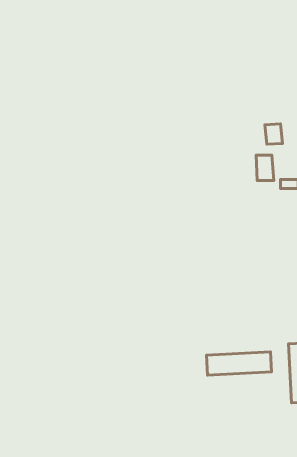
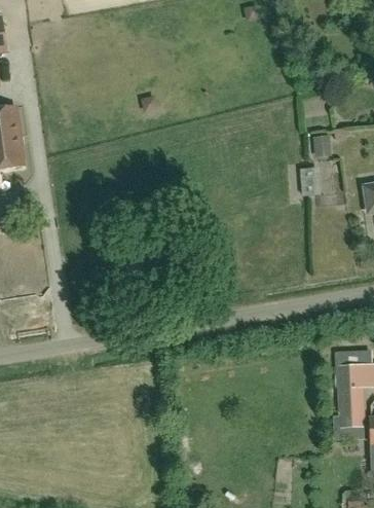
building: [206,352,271,375] -> none

